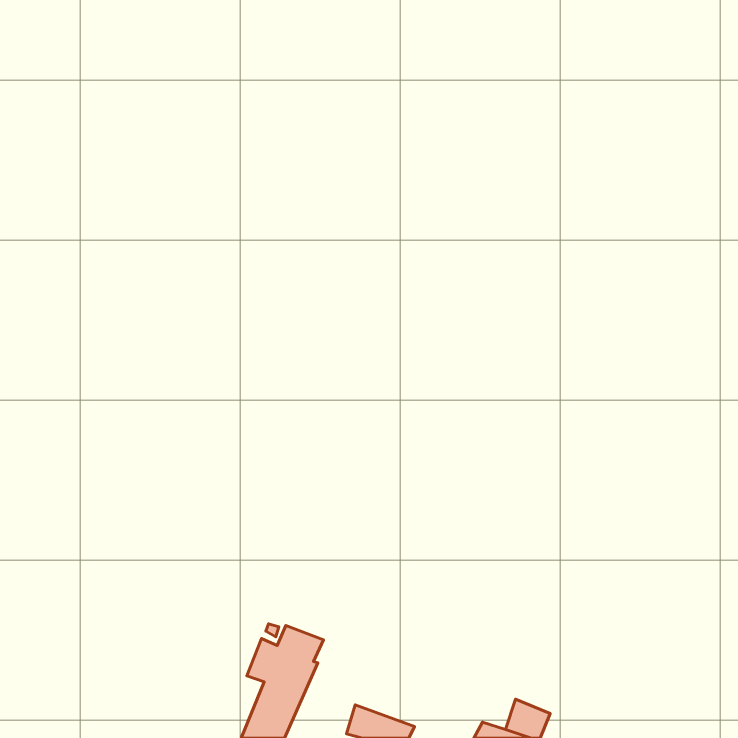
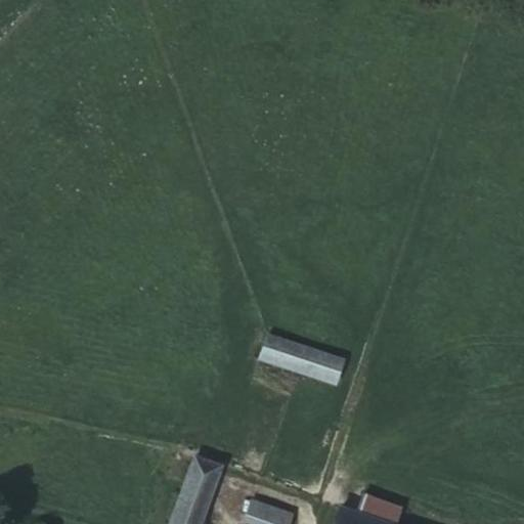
building: none -> [260,339,341,385]

